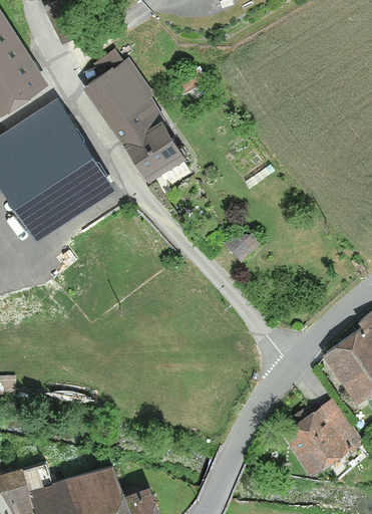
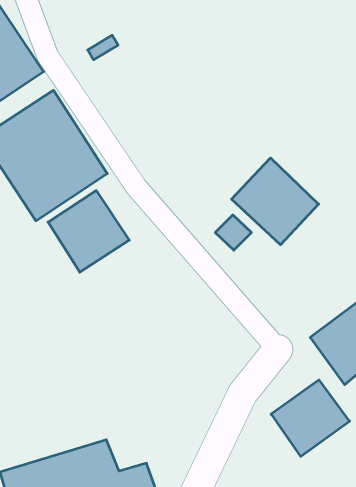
building: [84,62,189,184] -> none
building: none -> [232,158,319,245]
building: none -> [48,191,129,272]

